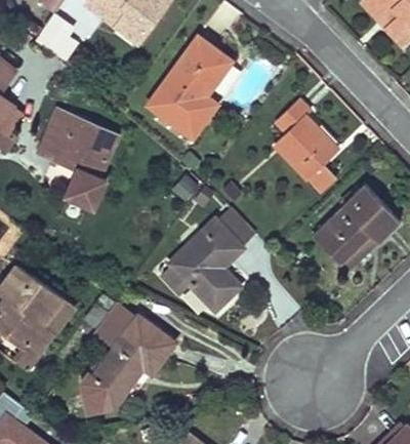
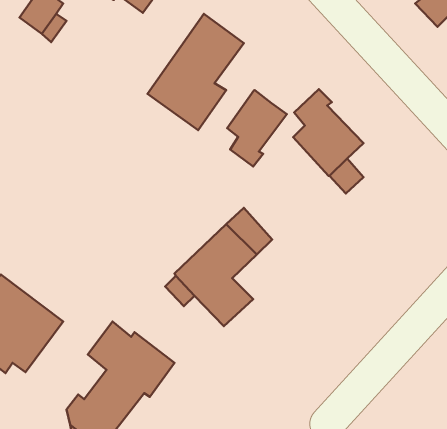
building: none -> [227,90,287,167]
building: [40,111,116,208] -> none
building: [313,185,400,270] -> none

